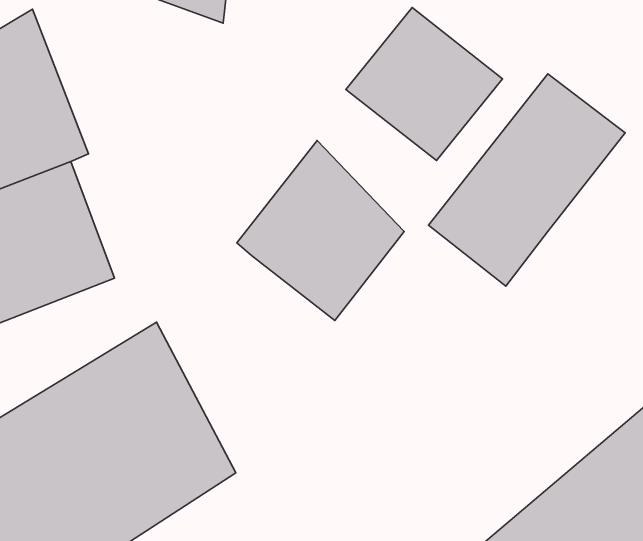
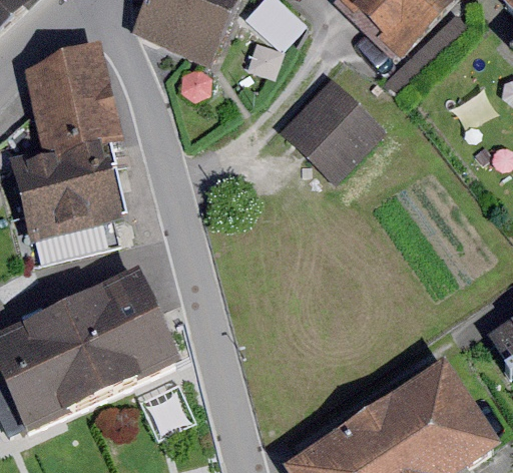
building: [429,74,625,286] -> none
building: [237,141,404,320] -> none

